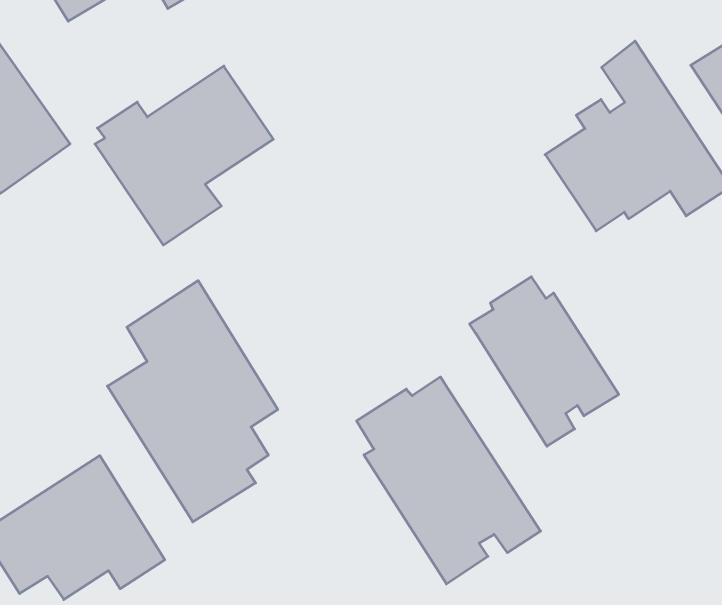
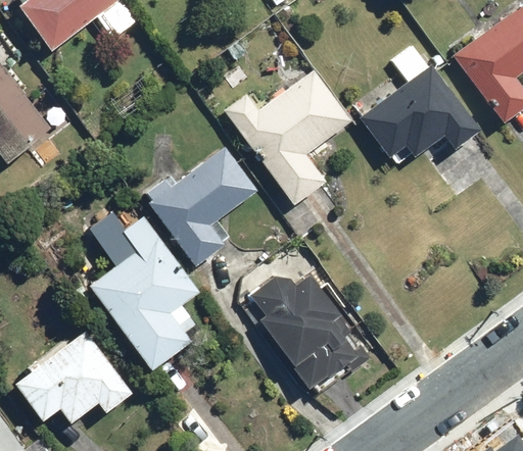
building: [95,66,273,245] -> [146,147,260,264]
building: none -> [224,68,352,205]
building: [470,277,619,446] -> none

